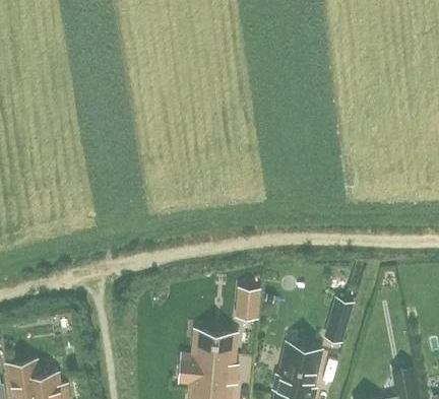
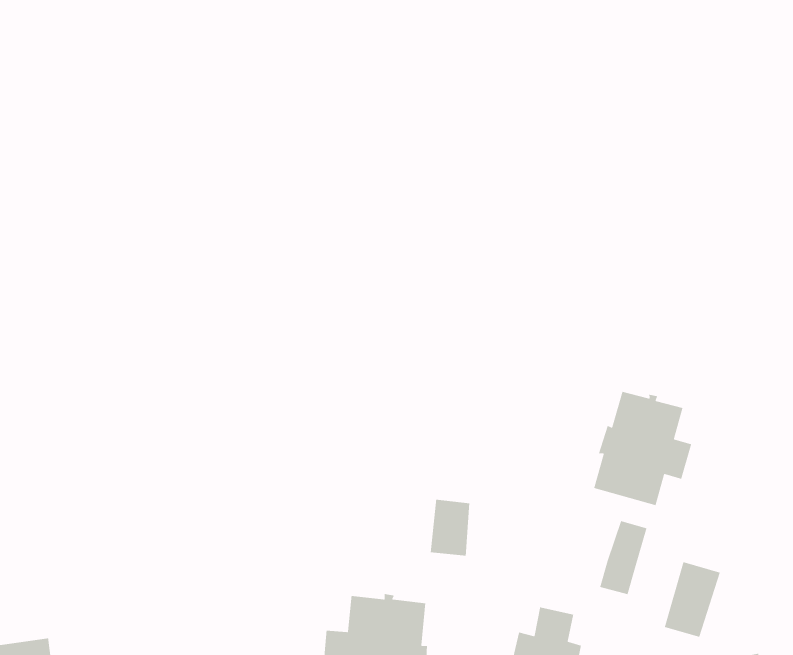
building: none -> [593,391,692,506]
building: none -> [664,561,721,638]

